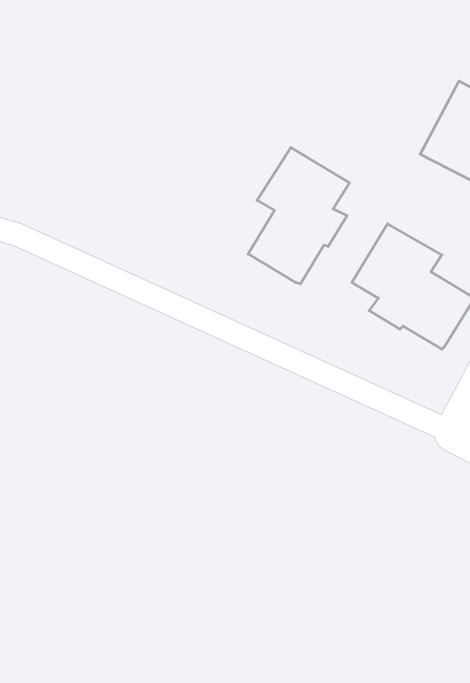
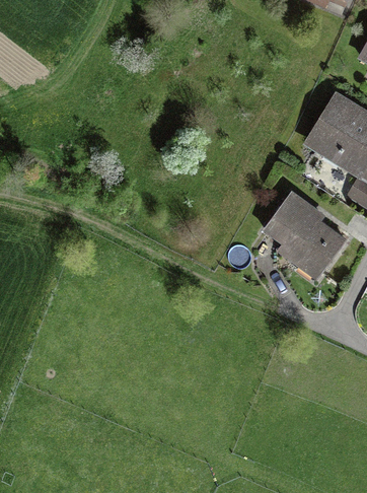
building: [248,147,349,284] -> none

